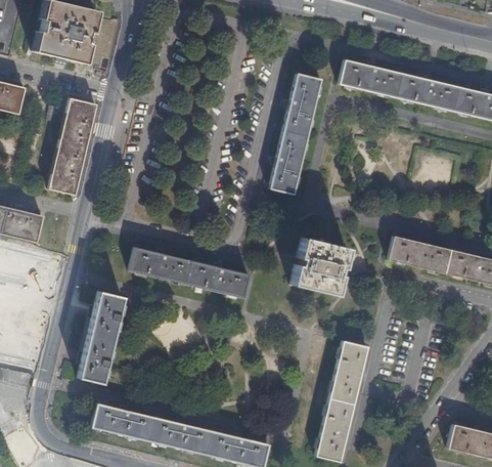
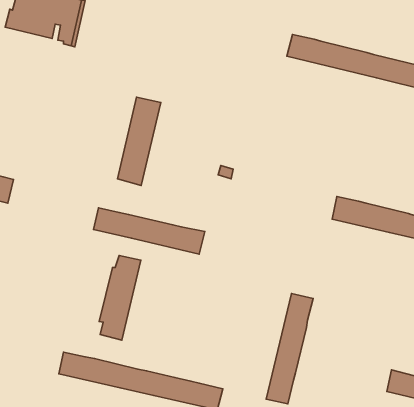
building: [270,72,321,193] -> none
building: [49,98,96,195] -> [118,97,161,186]
building: [292,237,348,293] -> none
building: [77,291,122,383] -> [99,255,141,340]

